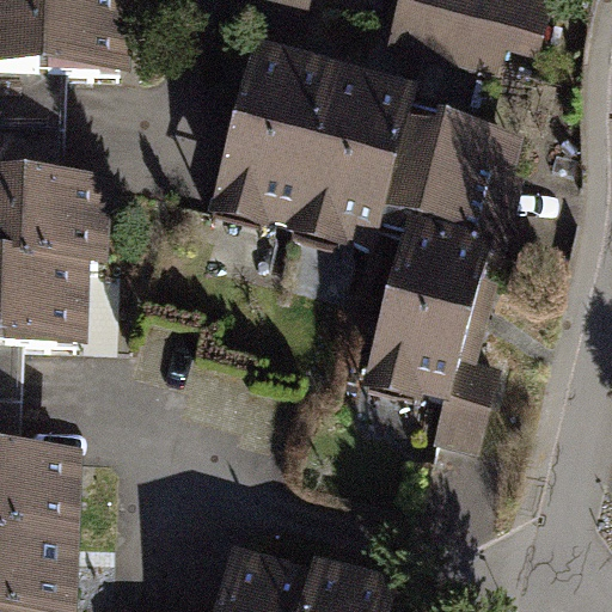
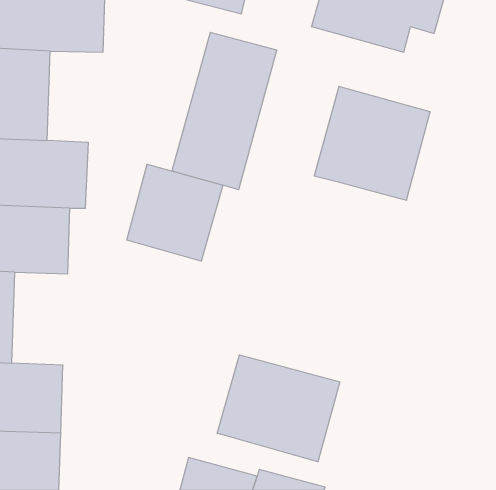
building: [290,61,418,252] -> none
building: none -> [127,164,223,261]
building: [363,221,502,461] -> none
building: none -> [217,355,340,462]

